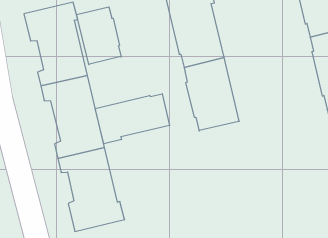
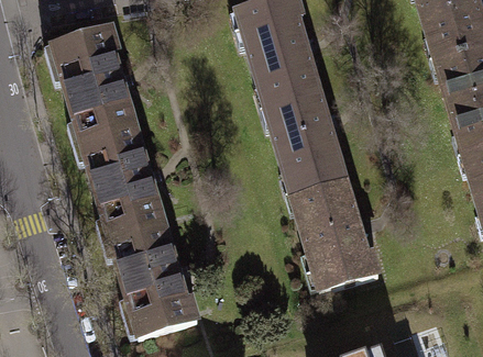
building: [76,7,121,65] -> none
building: [95,94,170,144] -> none
building: none -> [293,176,380,290]

